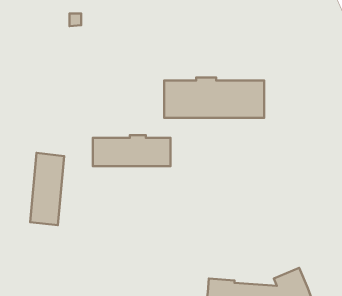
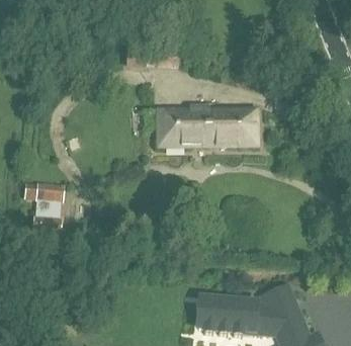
building: [93,135,171,166] -> none

